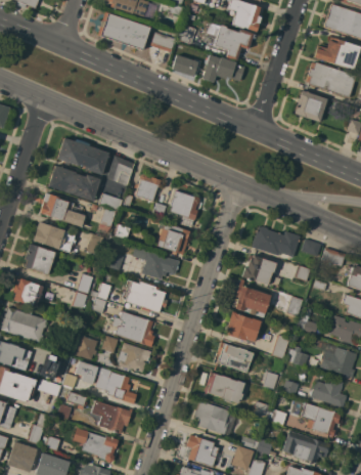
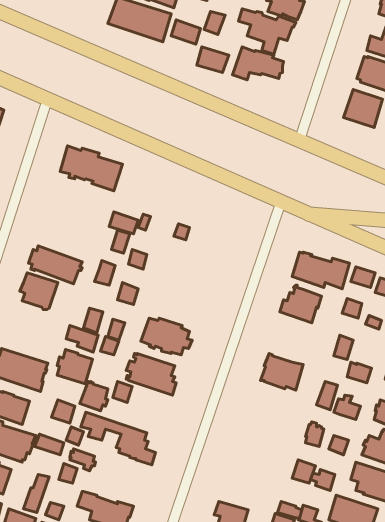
building: [107,155,134,185] -> none
building: [48,165,100,201] -> none
building: [134,174,161,202] -> none
building: [170,190,199,220] -> none
building: [39,192,85,226] -> none
building: [157,223,190,254] -> none
building: [132,245,180,279] -> none
building: [13,278,43,307] -> [57,350,92,384]
building: [232,278,270,317] -> none
building: [118,342,147,372] -> none
building: [216,342,253,372] -> none
building: [207,372,244,403] -> none
building: [195,401,229,434] -> none
building: [98,405,132,434] -> none

